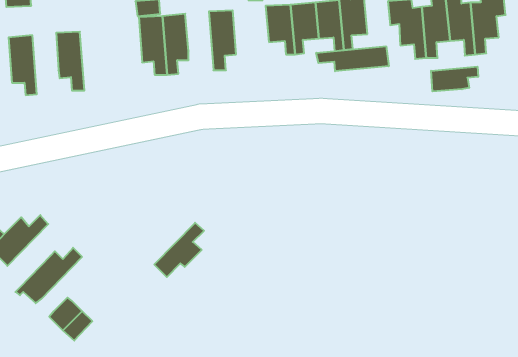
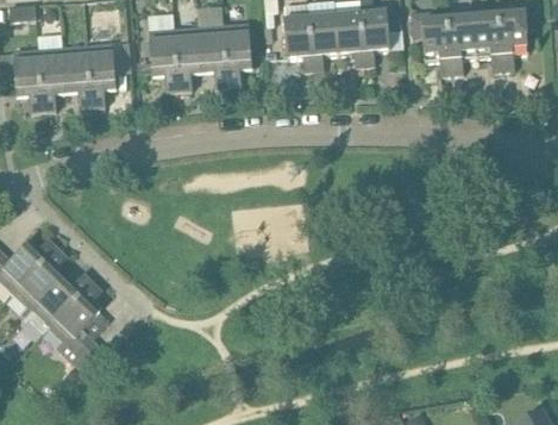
building: none -> [199,25,228,88]
building: none -> [88,44,117,108]
building: none -> [38,48,67,112]
building: [316,46,389,71] -> none
building: [431,67,478,91] -> none
building: [154,223,204,277] -> [48,283,100,340]
building: none -> [12,249,64,315]

